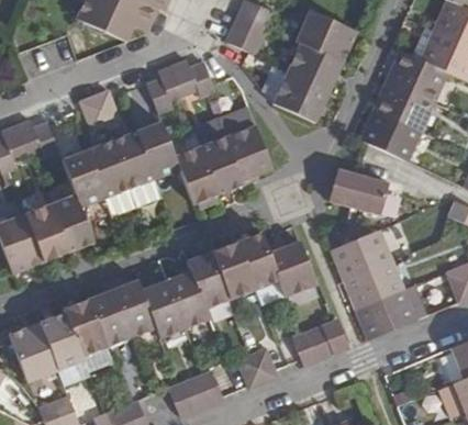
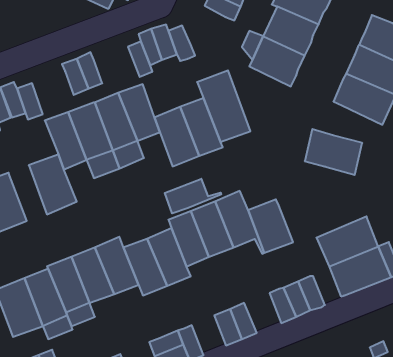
building: [23,204,63,261] -> none
building: none -> [165,179,221,213]
building: [330,228,392,279] -> none

